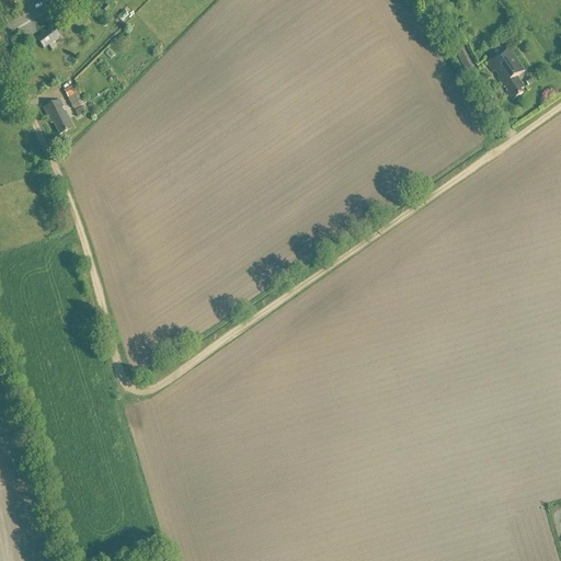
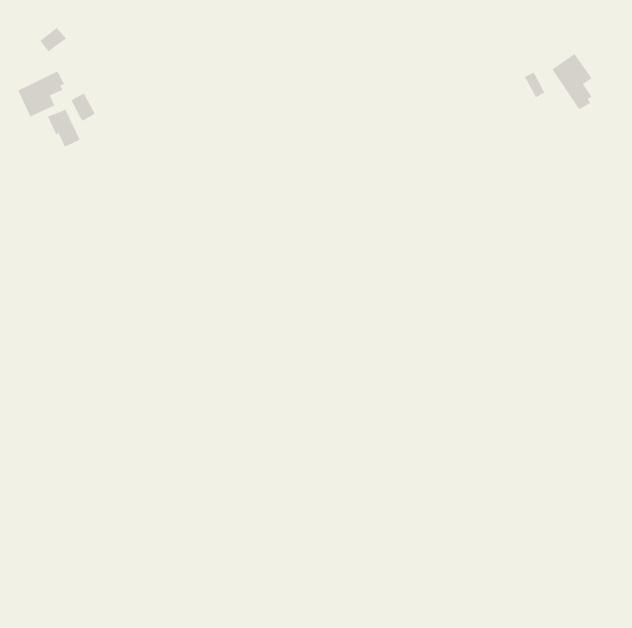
building: none -> [17,71,65,117]

